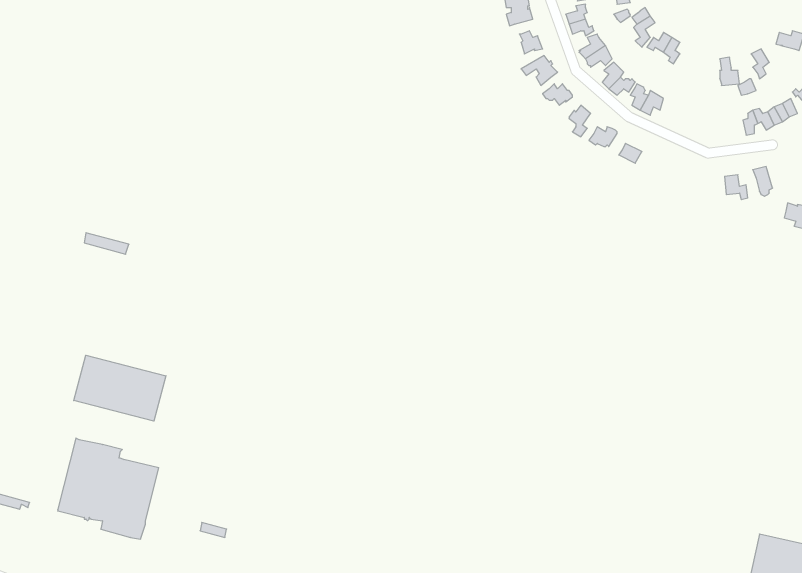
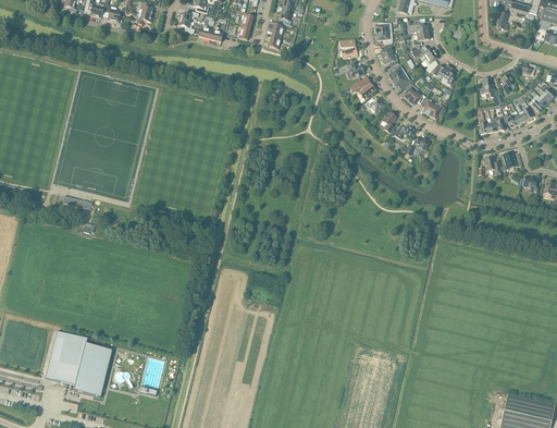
building: [74,355,166,421] -> none

